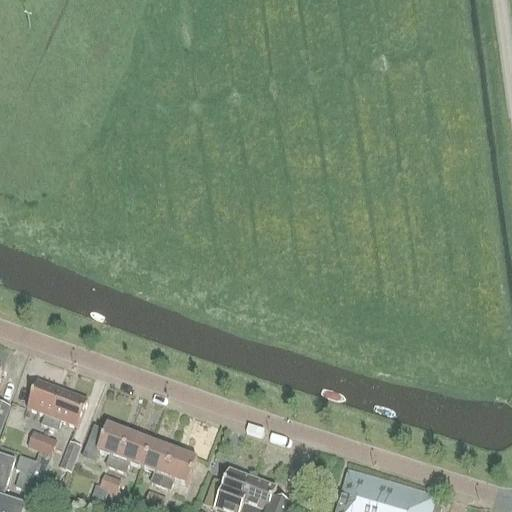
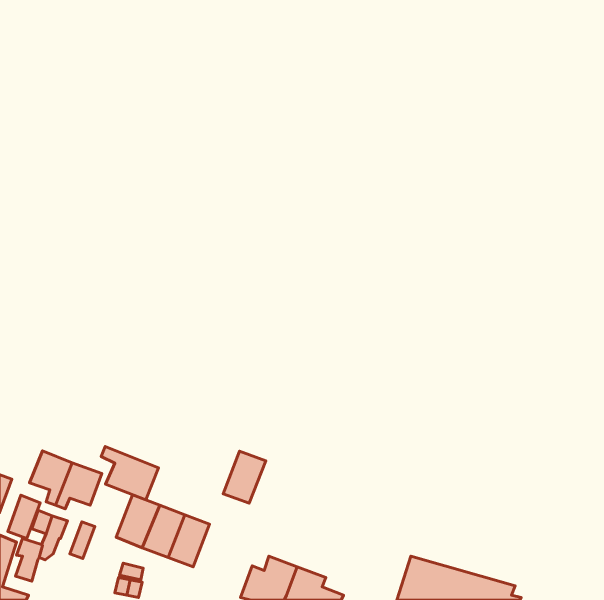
building: none -> [101,447,158,500]
building: none -> [8,495,40,539]
building: [163,443,199,487] -> [223,451,266,503]

